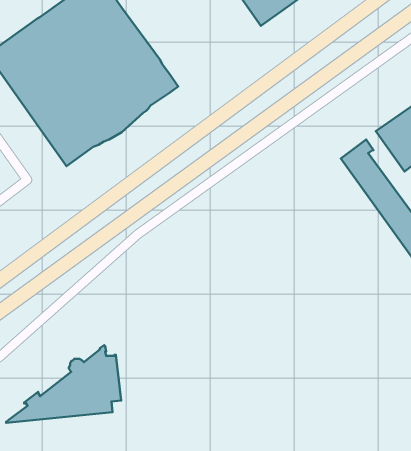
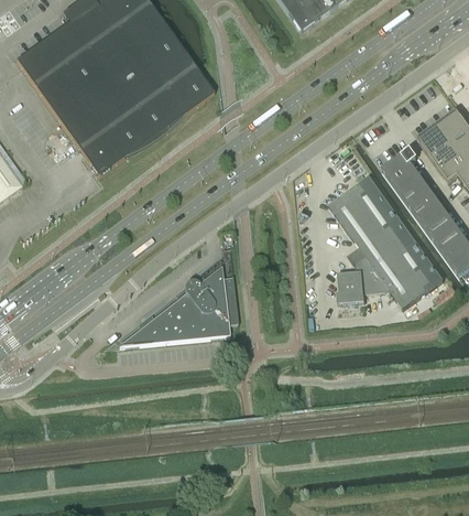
building: none -> [328,174,443,307]
building: [6,345,121,423] -> [119,265,238,345]

